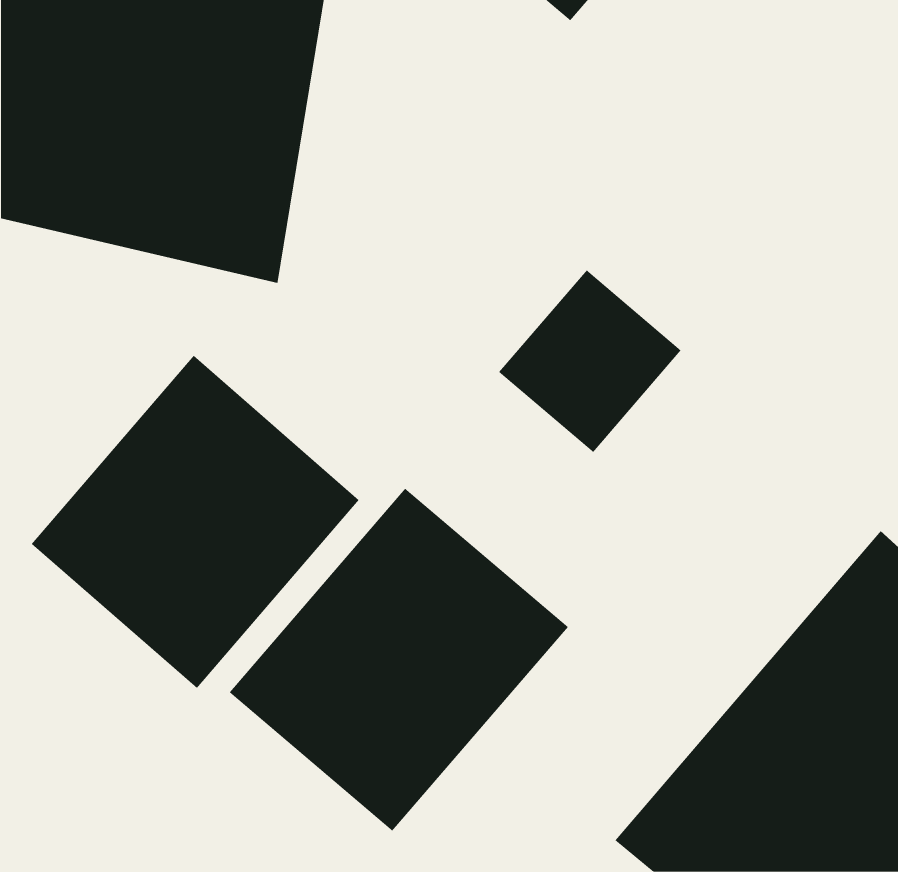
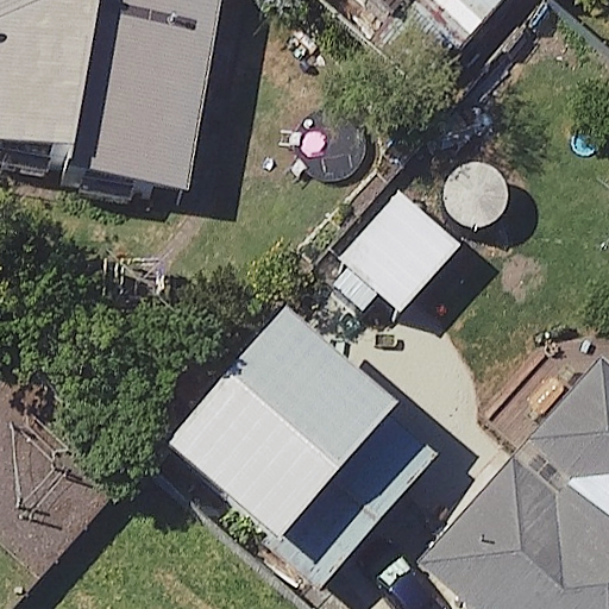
building: [31,355,360,689] -> none

